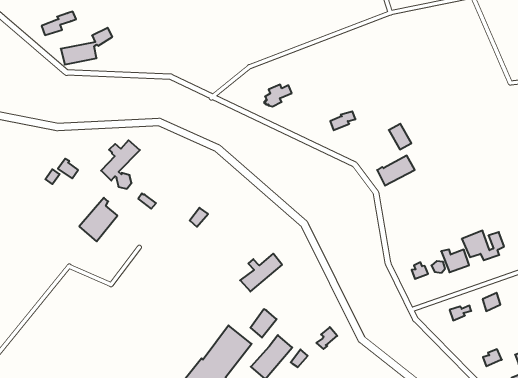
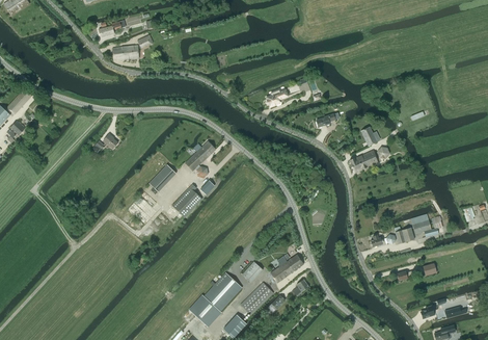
building: [101,140,140,189] -> [185,140,216,178]
building: [79,198,117,241] -> [171,184,201,217]
building: [240,254,282,292] -> [270,254,303,282]

